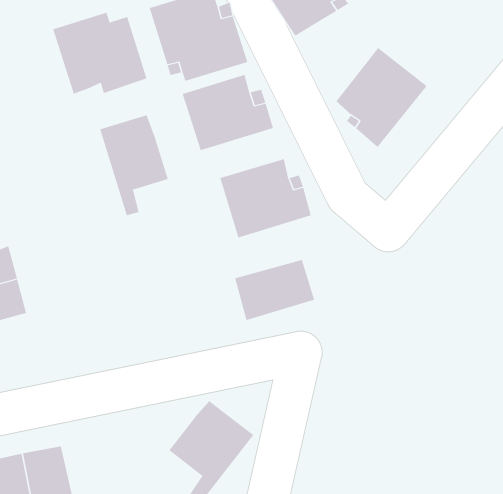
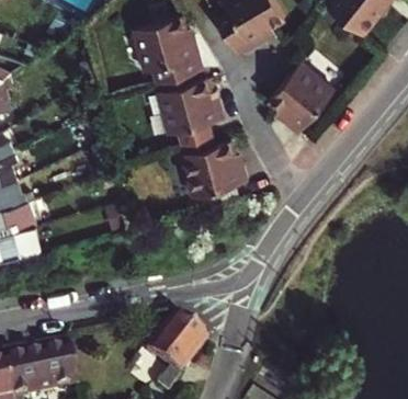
building: [52,12,147,94] -> none
building: [99,115,168,216] -> none
building: [235,259,315,321] -> none

